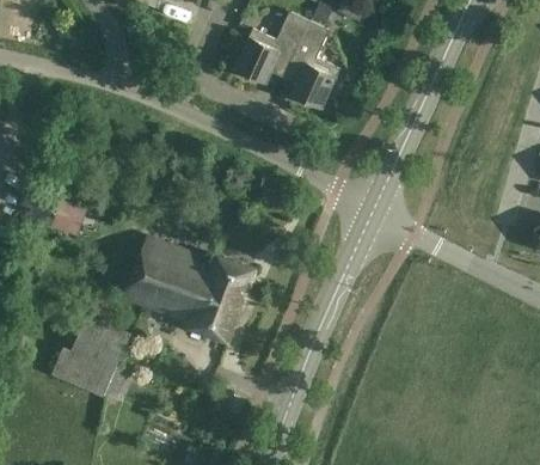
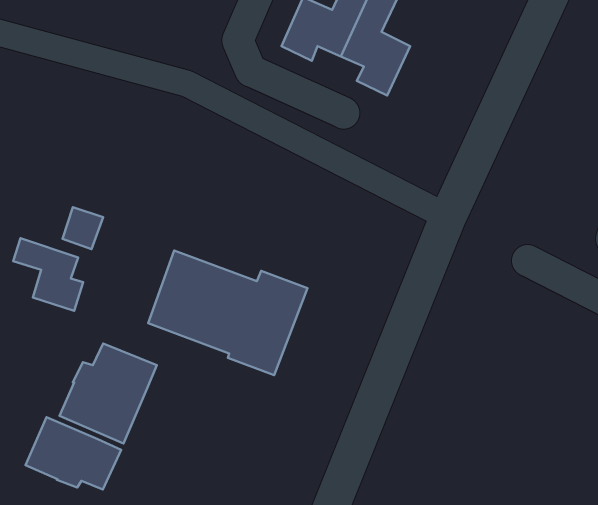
building: none -> [13,238,83,311]
building: none -> [26,417,121,489]

